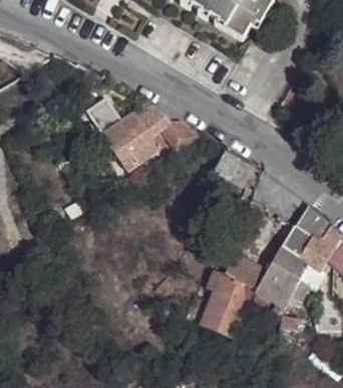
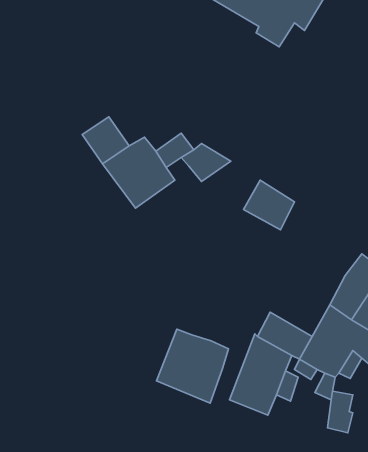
building: none -> [157,329,228,403]

